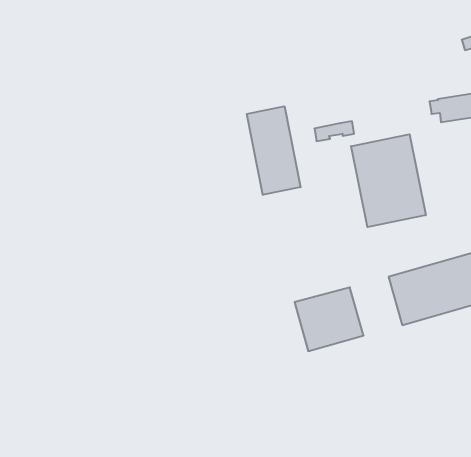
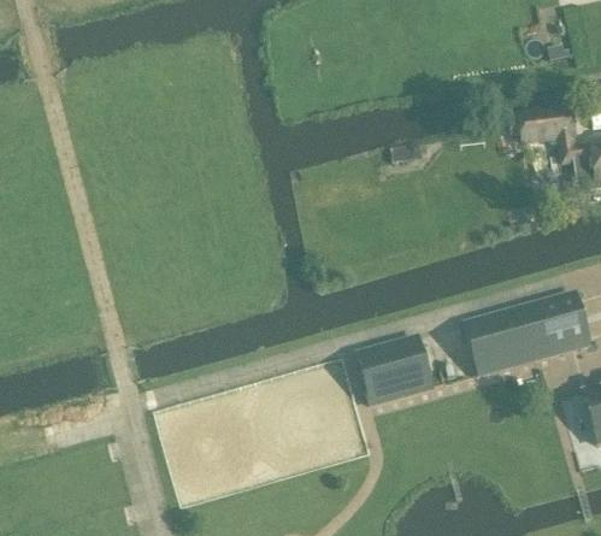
building: [247,106,301,195] -> none
building: [351,134,426,227] -> none

